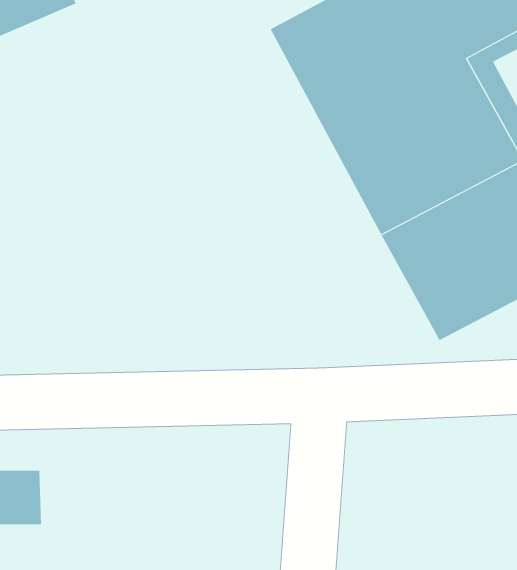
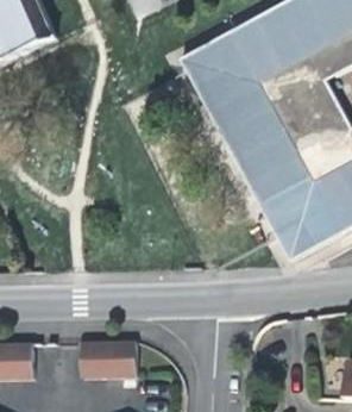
building: none -> [77,342,133,379]

